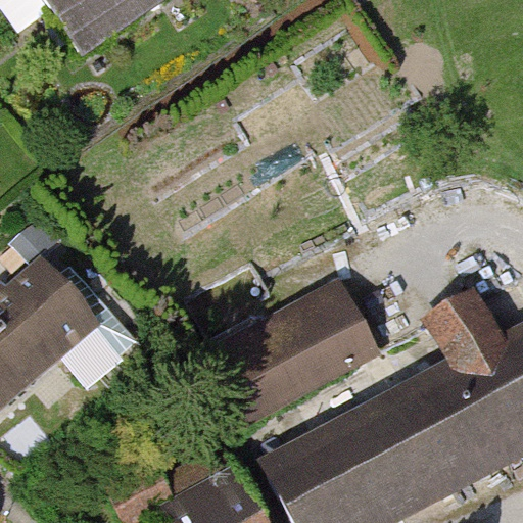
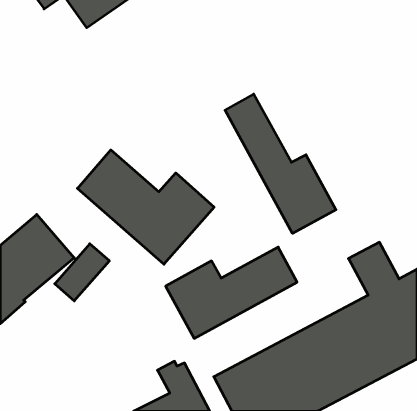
building: none -> [225,94,336,233]
building: none -> [77,150,214,264]

